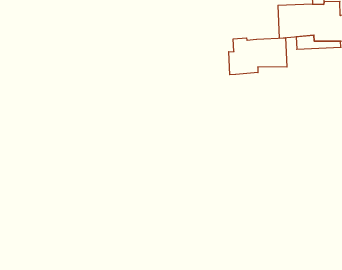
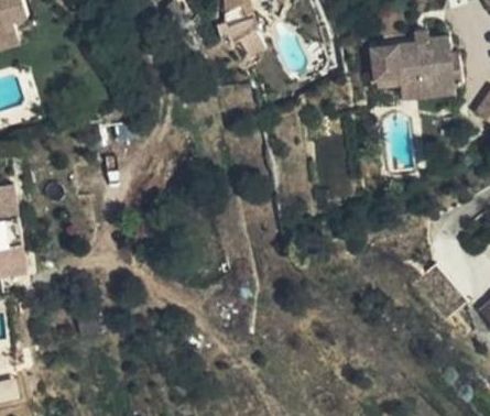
building: [229,38,287,75] -> none

